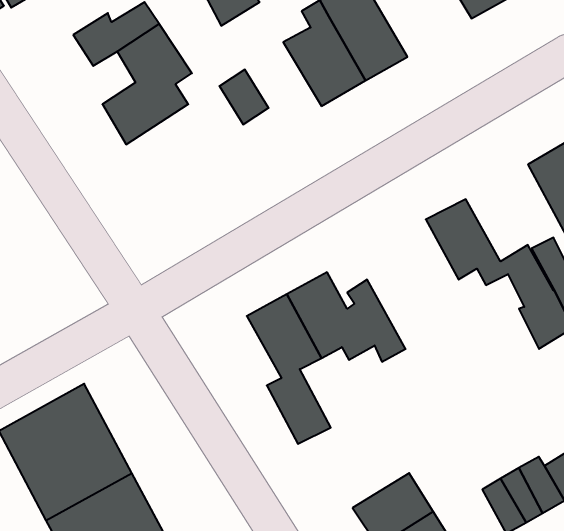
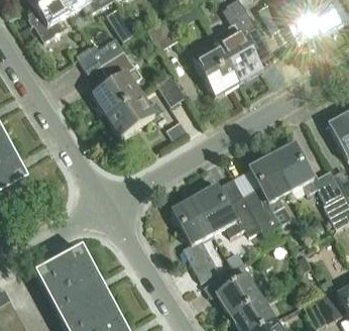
building: none -> [106,91,163,135]
building: none -> [239,154,289,230]
building: none -> [216,258,262,314]

